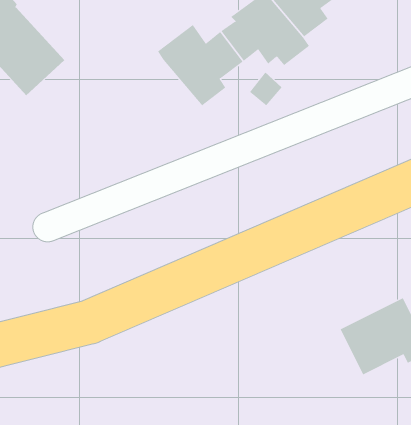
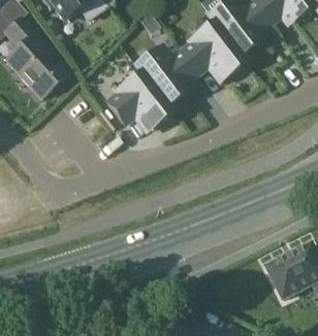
building: none -> [107,71,172,126]

